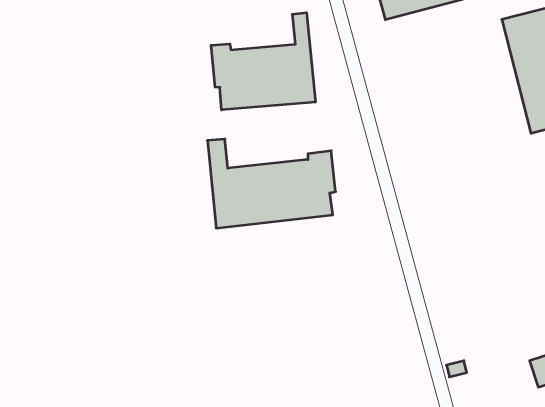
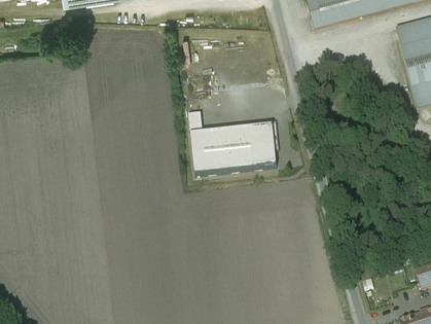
building: [211,13,315,110] -> none

